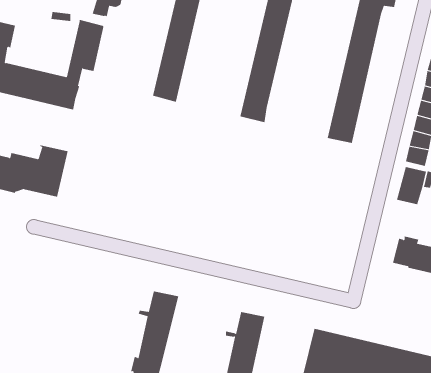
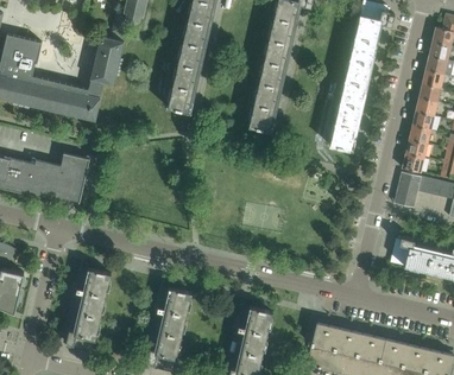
building: none -> [67,268,112,354]

